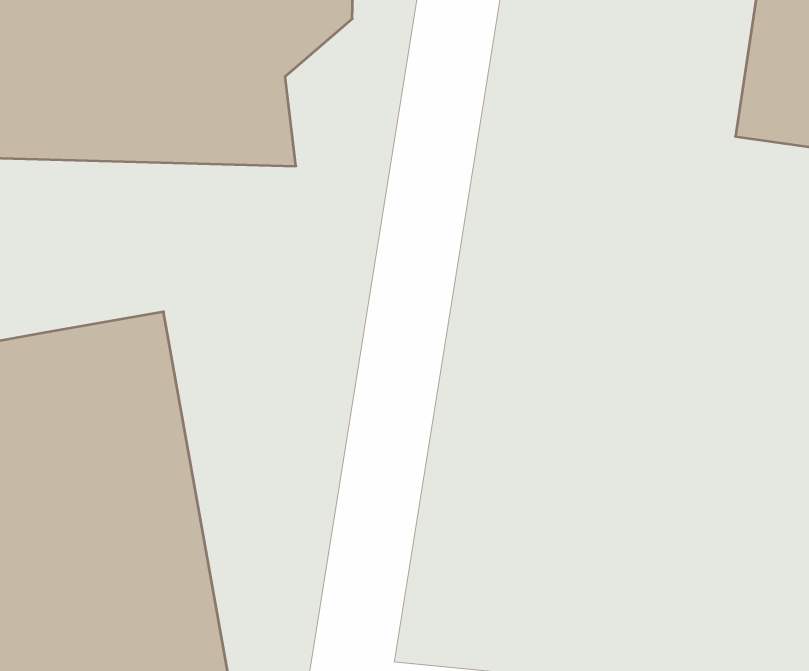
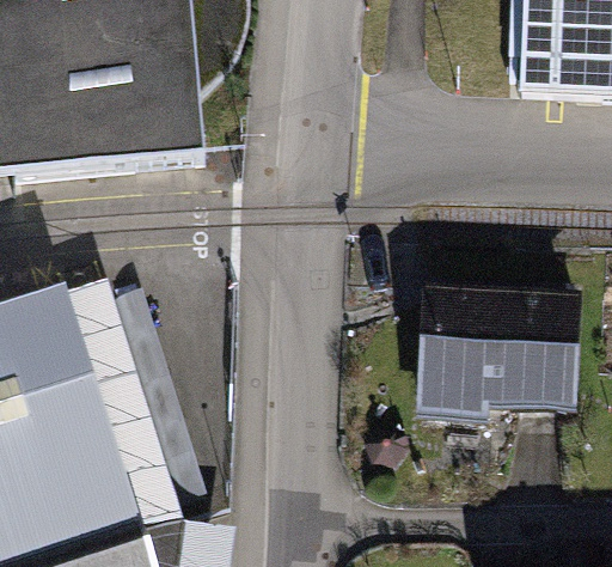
building: none -> [416,289,573,415]

